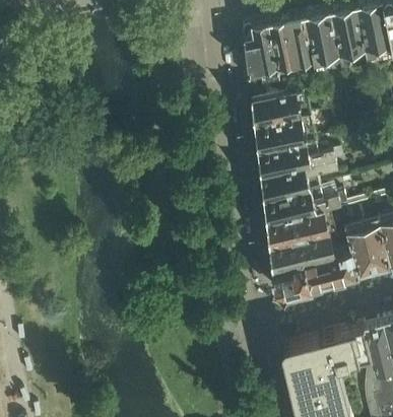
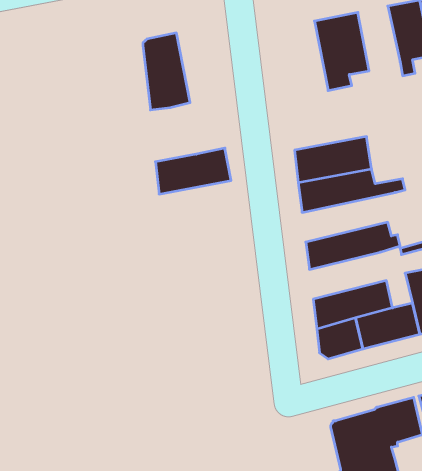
building: [307,12,341,74] -> none
building: [244,24,282,87] -> [143,33,190,110]
building: [252,92,314,130] -> [155,148,231,194]
building: [261,164,339,205] -> none
building: [267,213,330,252] -> none

